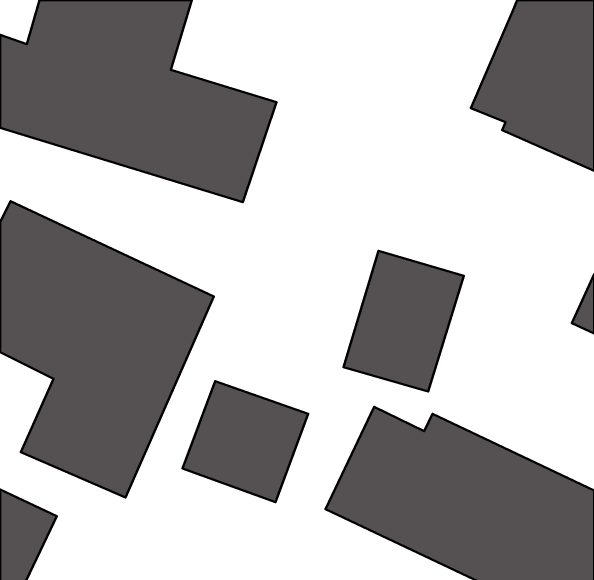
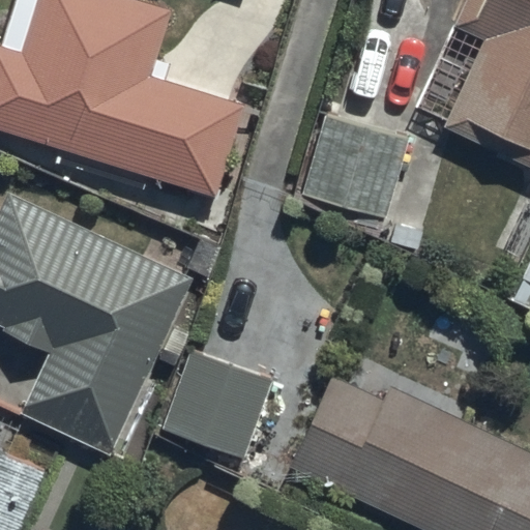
building: none -> [300,116,410,223]
building: [344,251,464,392] -> none

